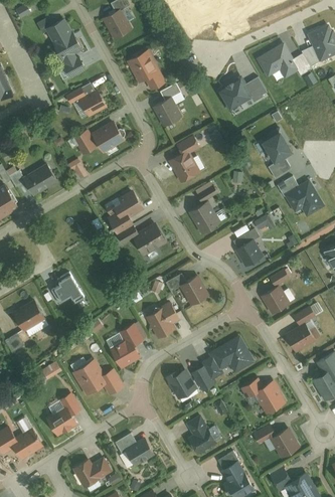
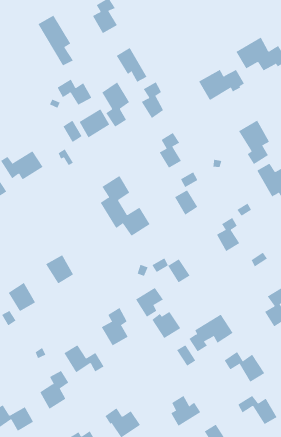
building: none -> [102,82,130,127]
building: [262,287,289,313] -> none
building: [165,368,196,397] -> [152,311,181,339]

